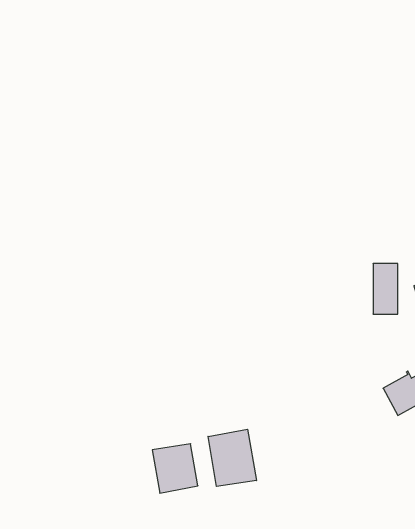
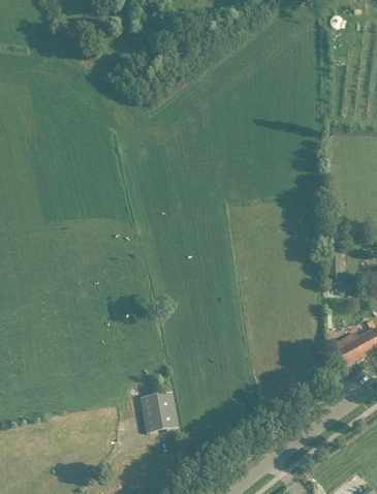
building: [208,429,256,486] -> none

